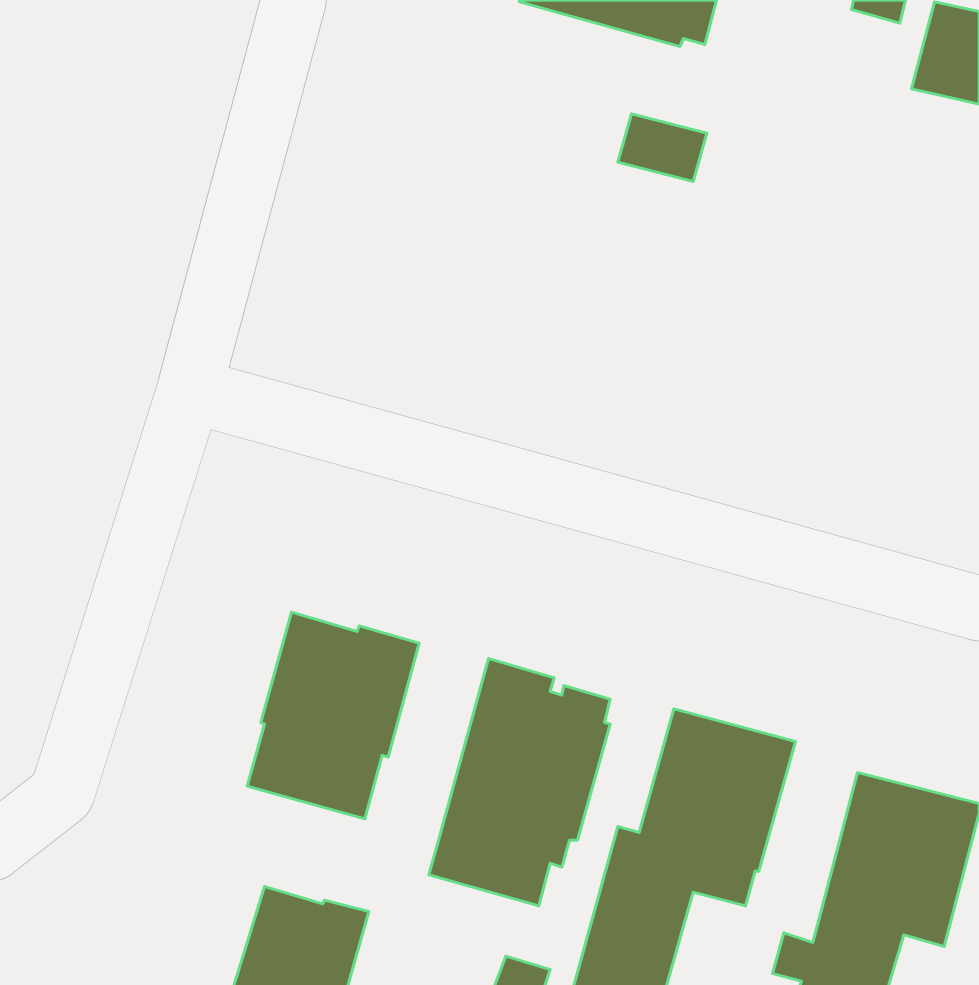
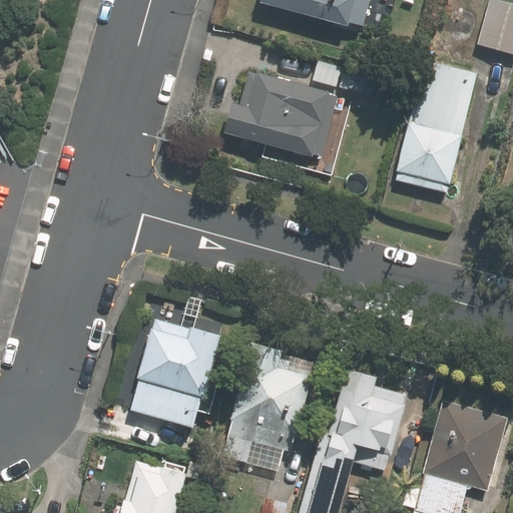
building: none -> [392,58,475,193]
building: none -> [230,72,346,165]

